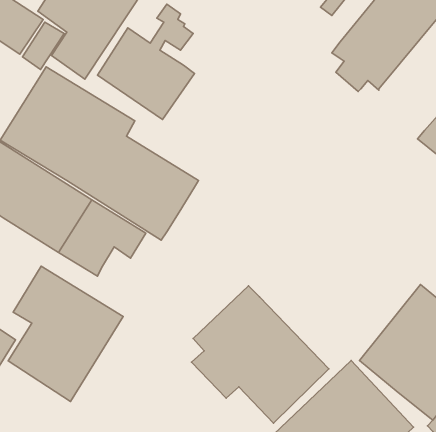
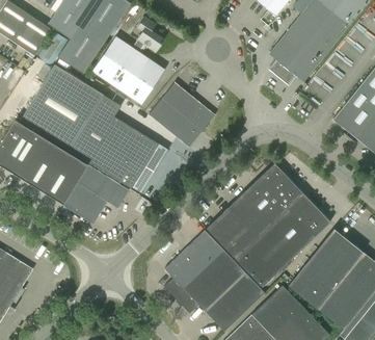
building: none -> [149,82,215,147]
building: none -> [207,163,330,287]
building: [8,266,123,401] -> none

